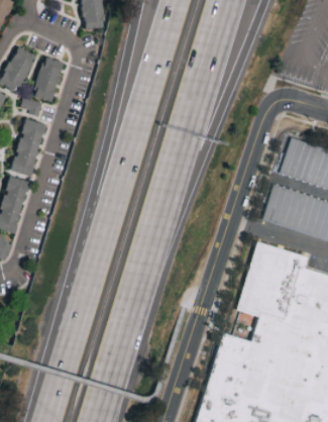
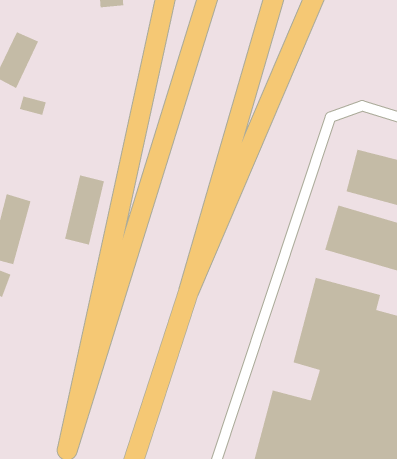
building: [33,57,63,102] -> none
building: [12,119,44,176] -> [64,174,105,245]

